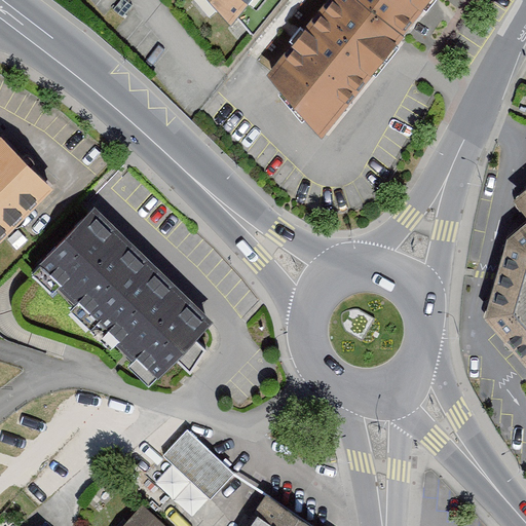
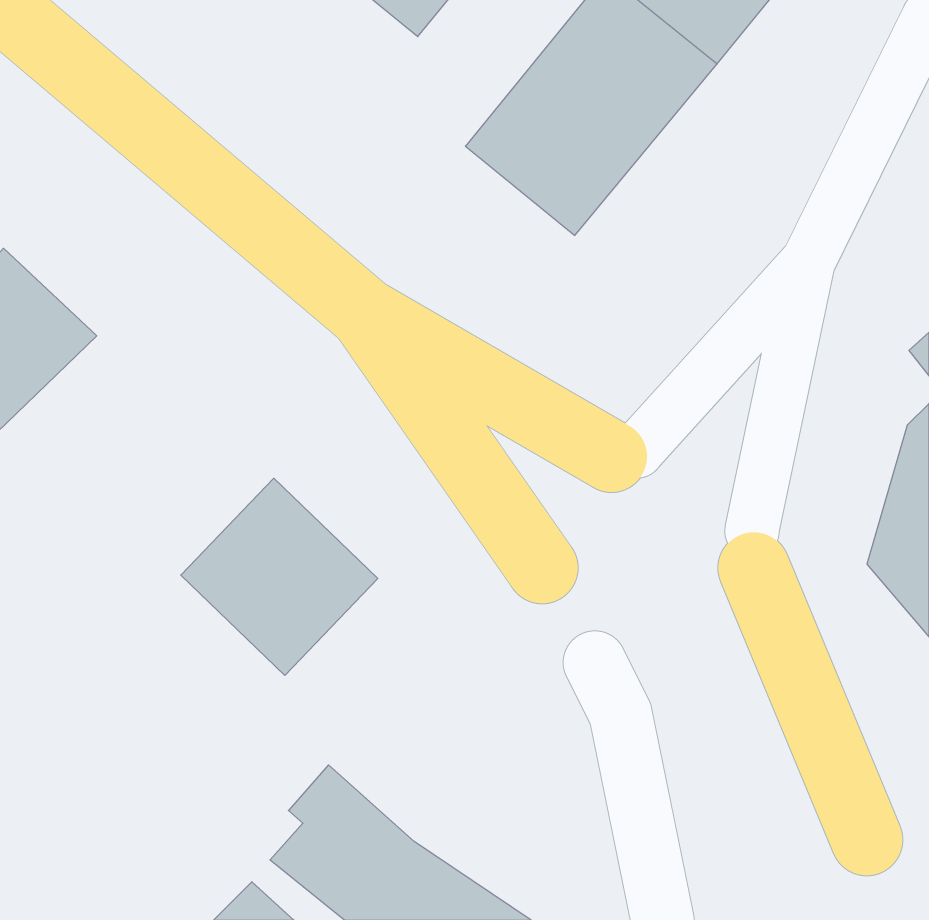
building: [40,211,154,324] -> none

